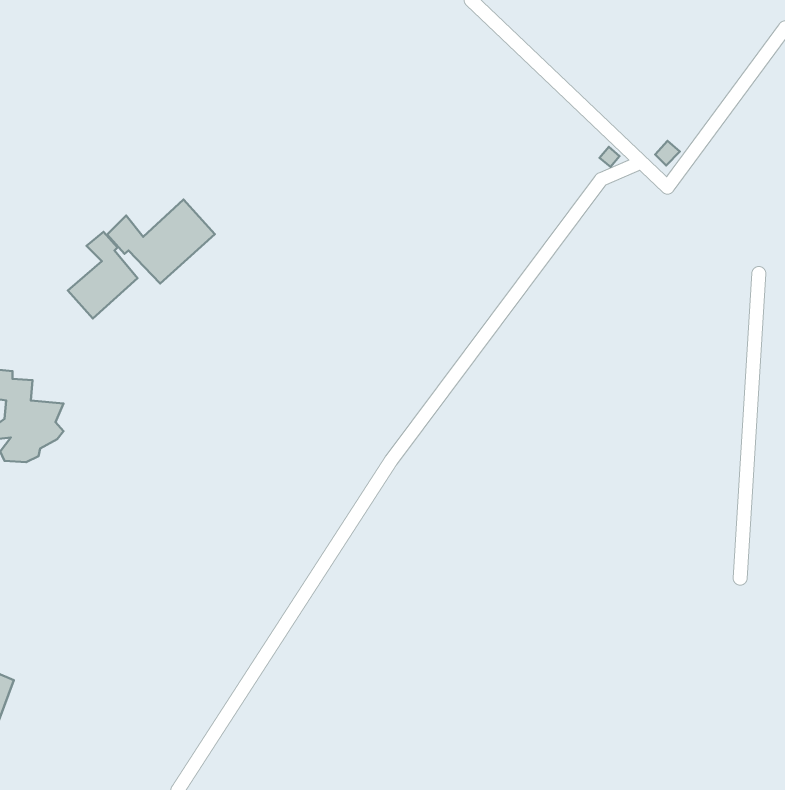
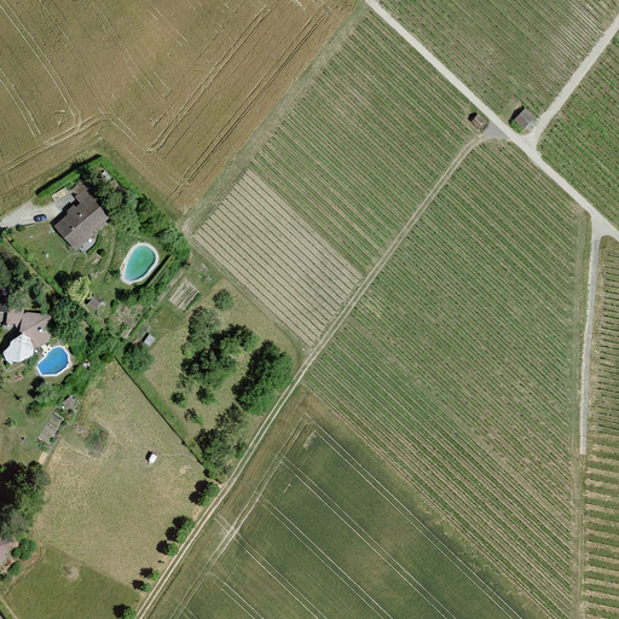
building: [107,200,215,283] -> none

